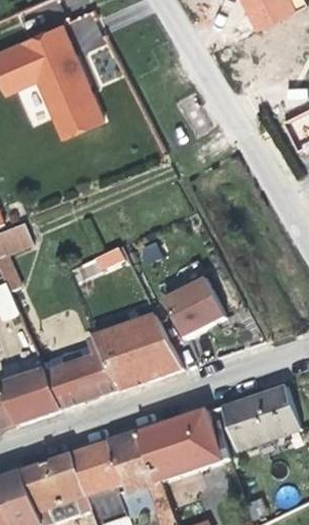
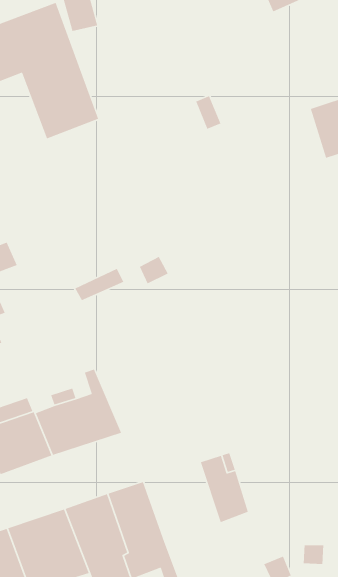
building: [165,278,228,337] -> none
building: [98,315,183,390] -> none
building: [224,387,301,449] -> none
building: [140,414,205,483] -> none

